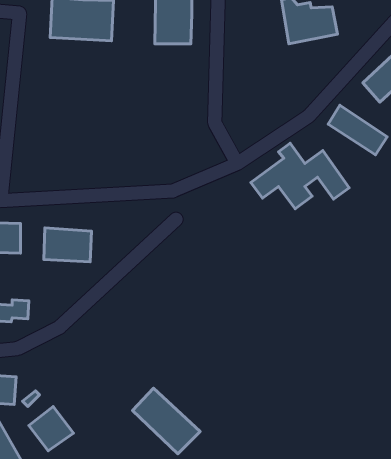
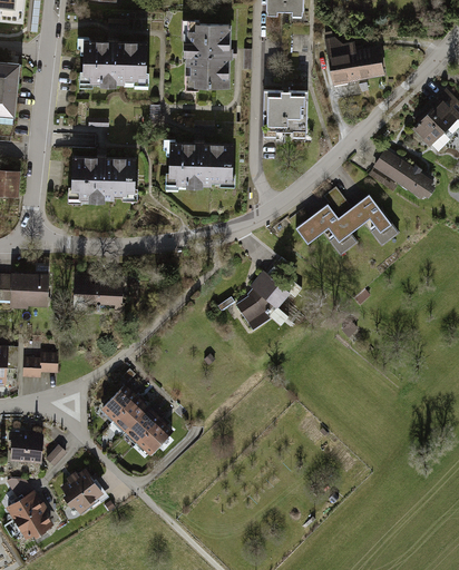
building: none -> [264,91,306,128]
building: none -> [169,140,233,181]
building: none -> [69,151,136,199]
building: none -> [235,274,290,332]
building: [132,388,200,454] -> [100,385,172,454]

